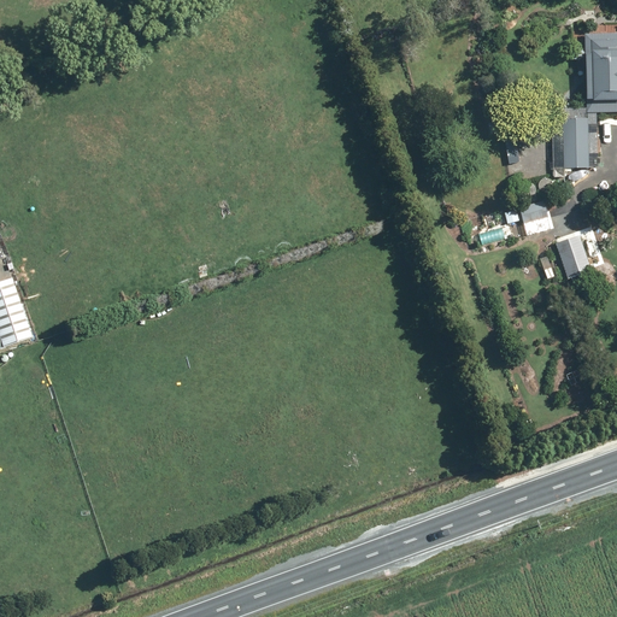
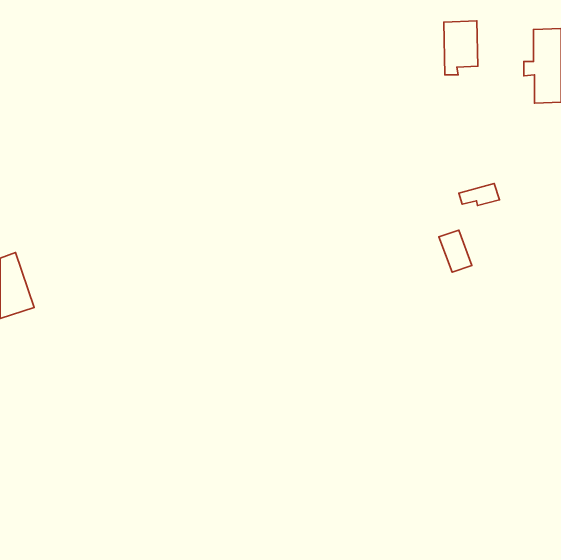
building: [552,118,589,177] -> [444,21,478,75]
building: [557,233,593,278] -> [439,230,472,272]

